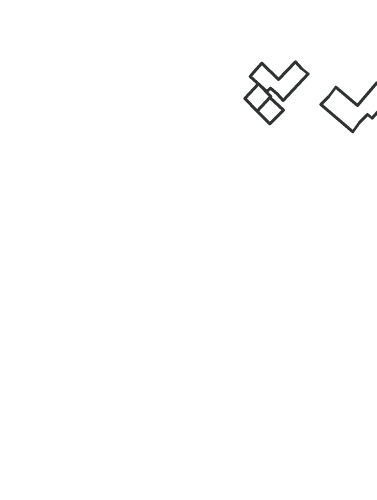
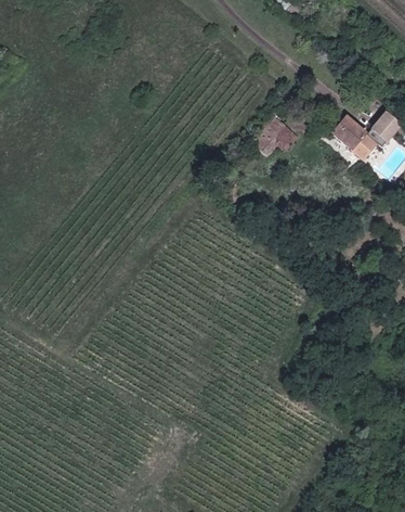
building: [250,62,308,100] -> none

